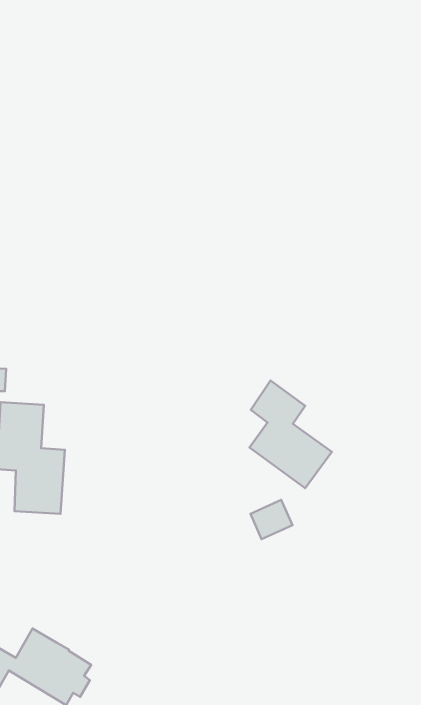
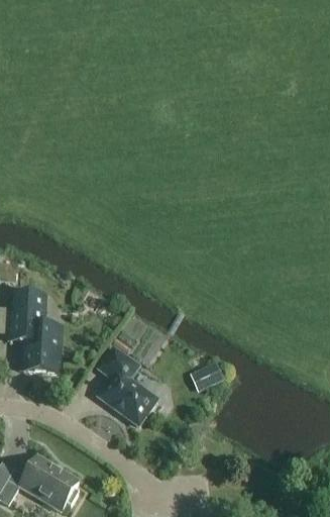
building: [249,381,332,488] -> [98,346,157,424]

